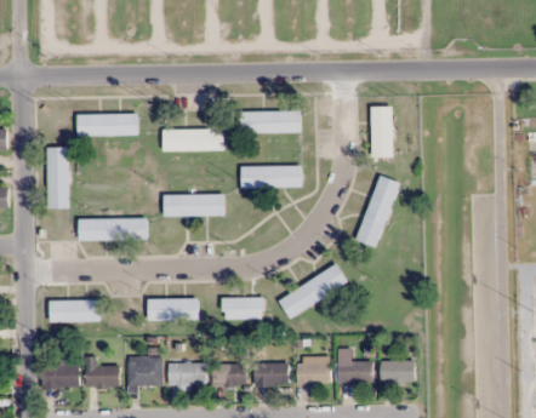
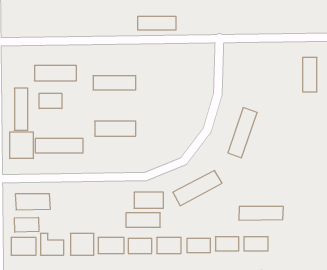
building: [371,107,392,156] -> [303,57,317,92]
building: [244,111,300,131] -> [138,16,176,30]
building: none -> [39,93,62,109]
building: [240,166,301,188] -> none
building: none -> [10,132,33,159]
building: [147,299,196,320] -> [126,213,160,227]
building: none -> [239,206,283,220]
building: none -> [14,217,39,232]

